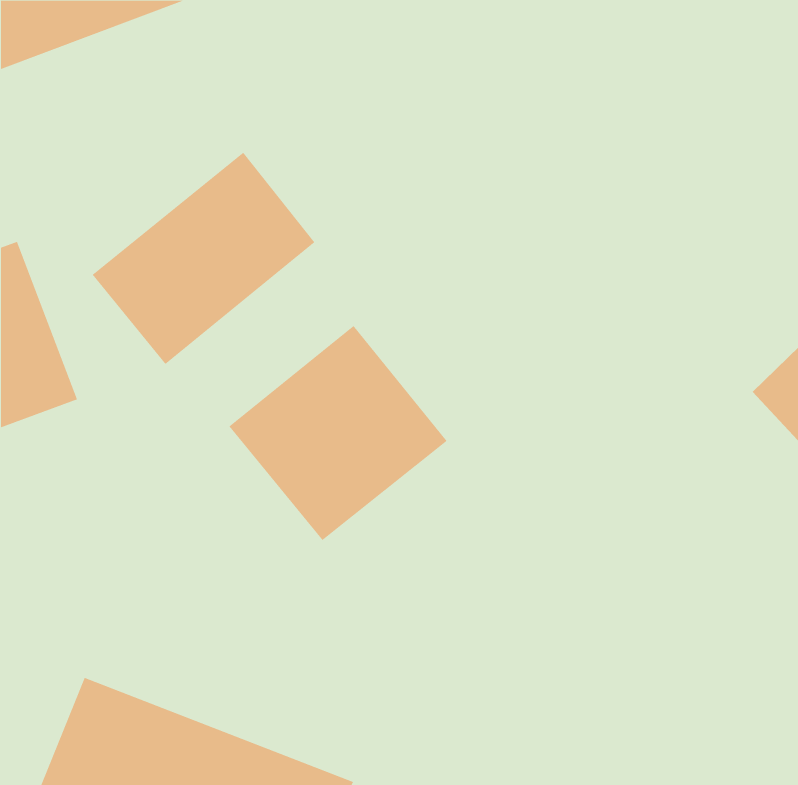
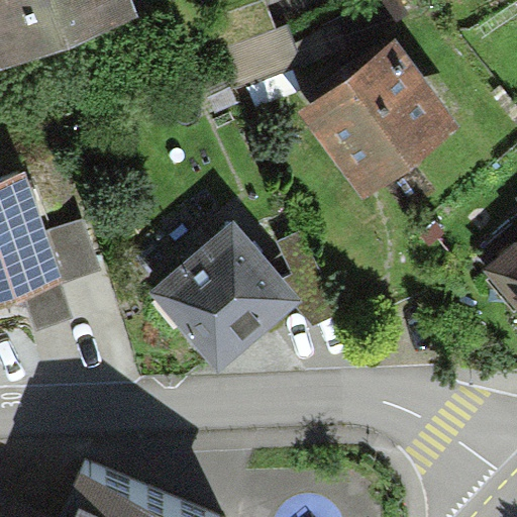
building: none -> [300,29,455,183]
building: [92,152,315,365] -> none

